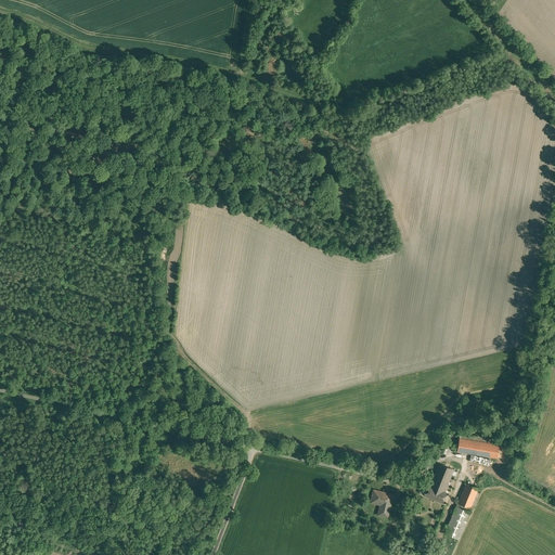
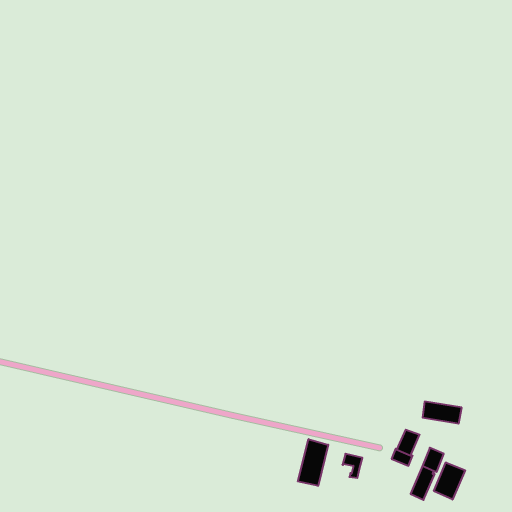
building: none -> [298,439,328,486]
building: none -> [434,462,465,500]

